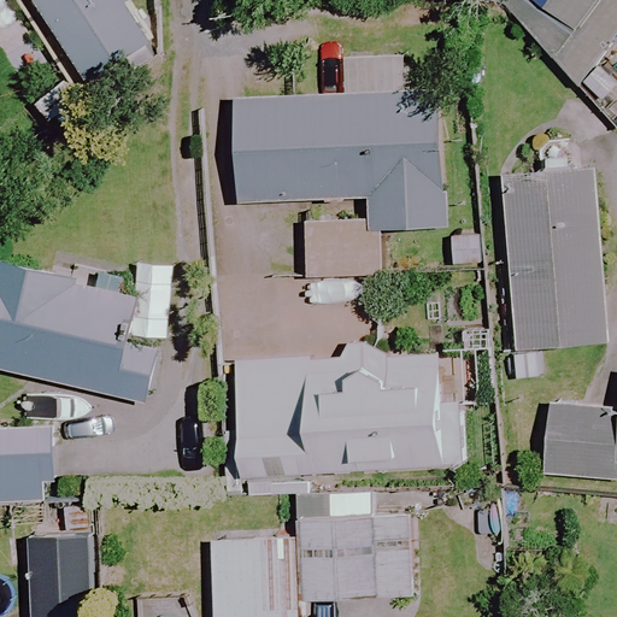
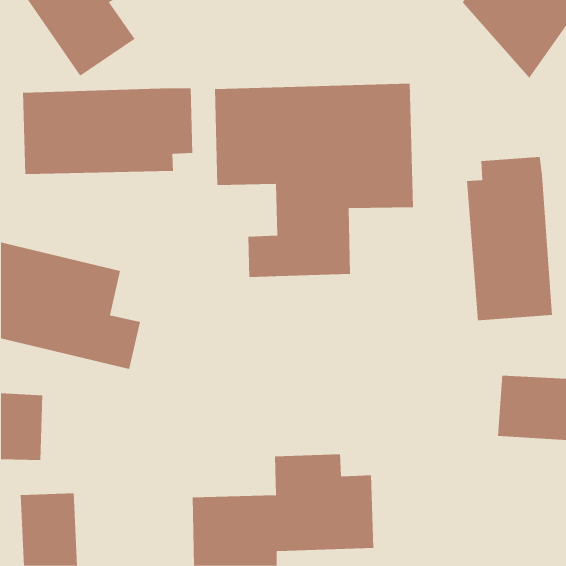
building: none -> [23,88,193,175]
building: [234,355,463,470] -> none

